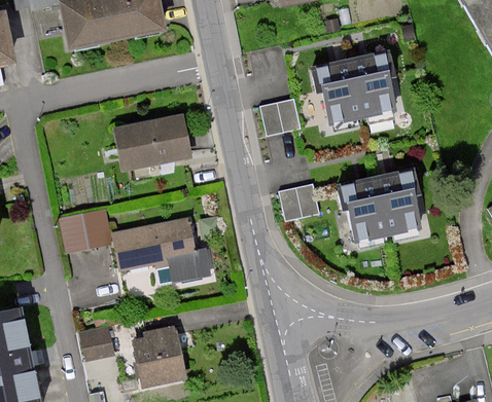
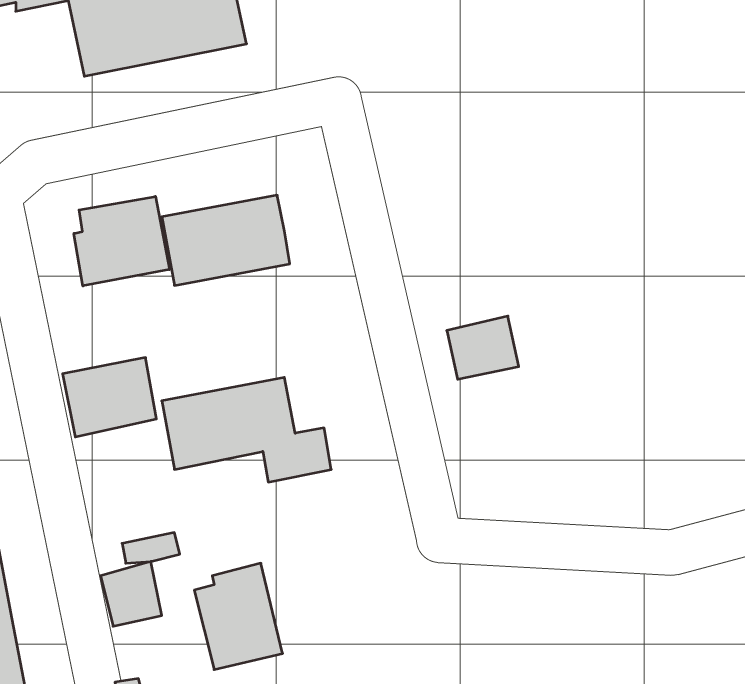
building: [315,53,397,122] -> none
building: [260,98,301,135] -> none
building: none -> [74,196,169,286]
building: [338,171,420,240] -> none

